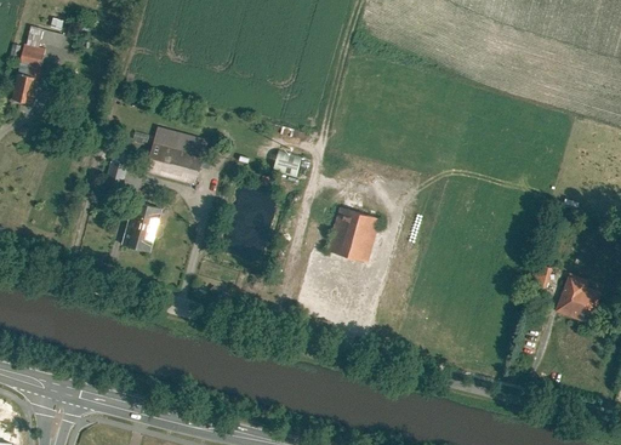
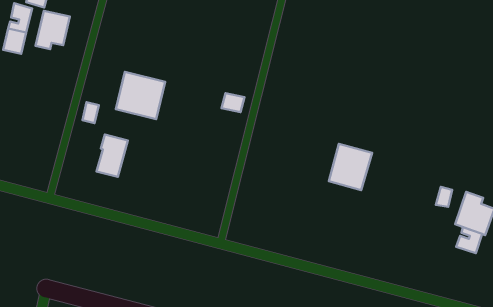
building: none -> [35,11,70,49]
building: [327,206,380,262] -> [329,144,372,190]
building: none -> [456,227,482,253]

